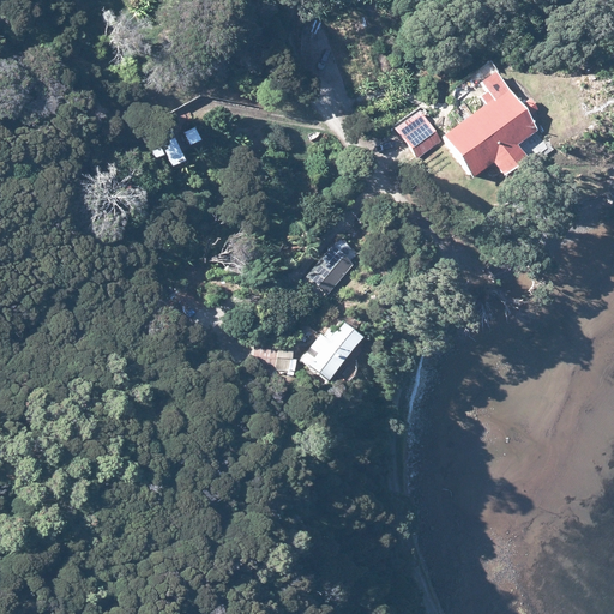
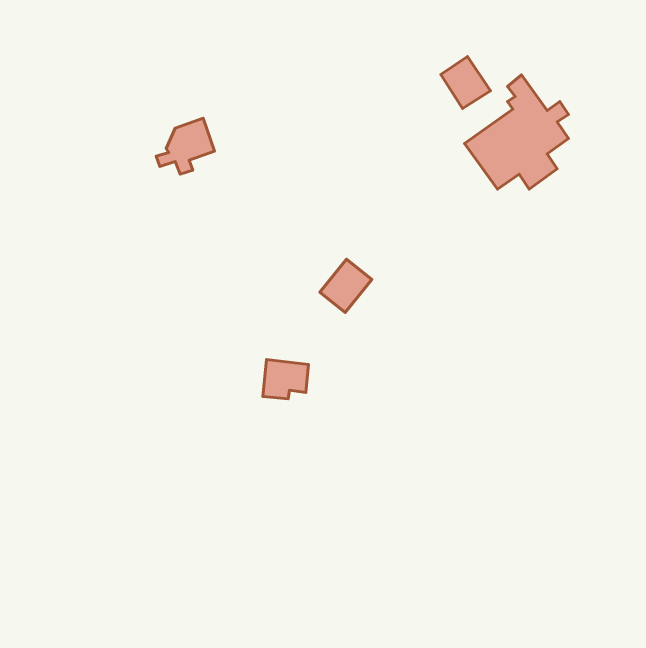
building: [396,109,443,158] -> [441,57,490,109]
building: [301,321,363,380] -> none

